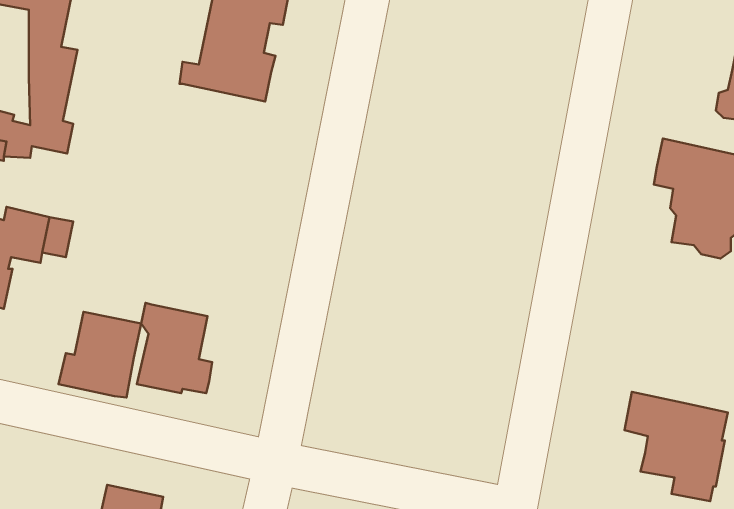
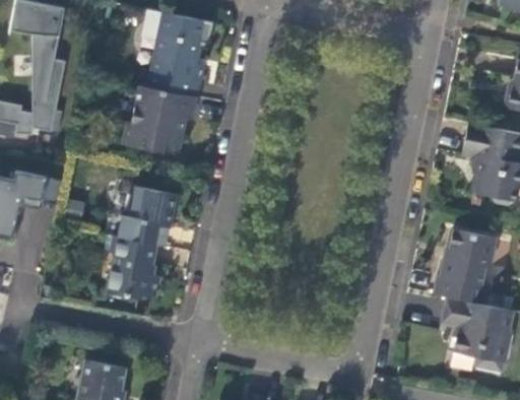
building: none -> [121,85,195,152]
building: none -> [435,227,497,305]
building: [58,312,141,398] -> [117,187,174,246]

